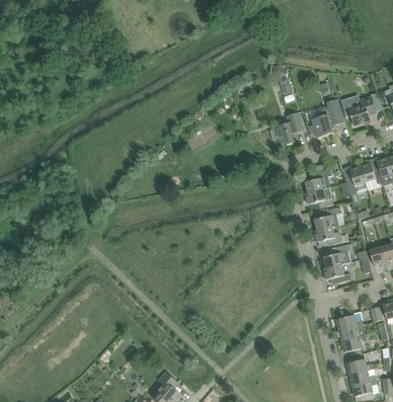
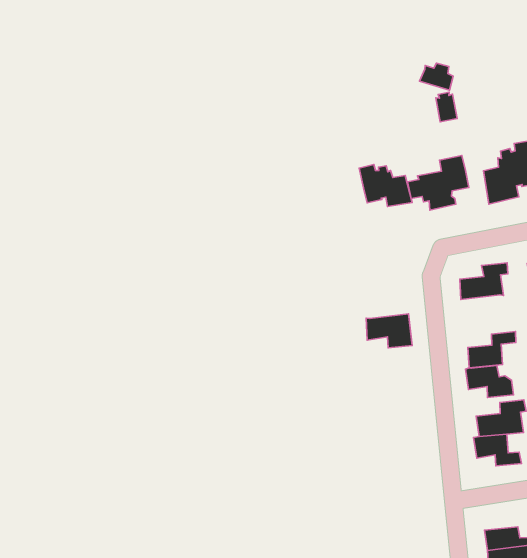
building: none -> [359,165,412,207]
building: [305,187,332,208] -> [366,314,412,348]

